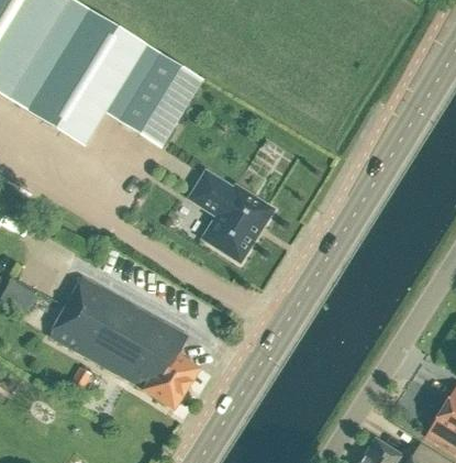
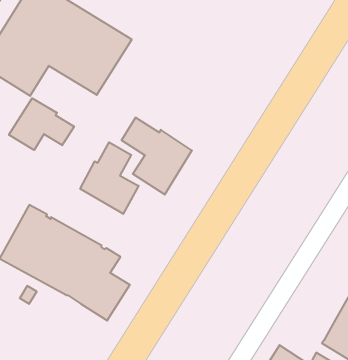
building: none -> [9,98,74,150]
building: none -> [80,142,139,214]

